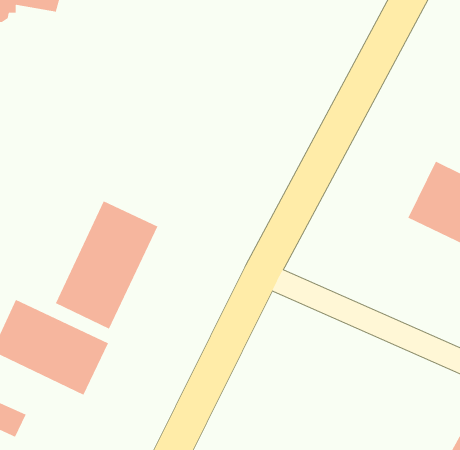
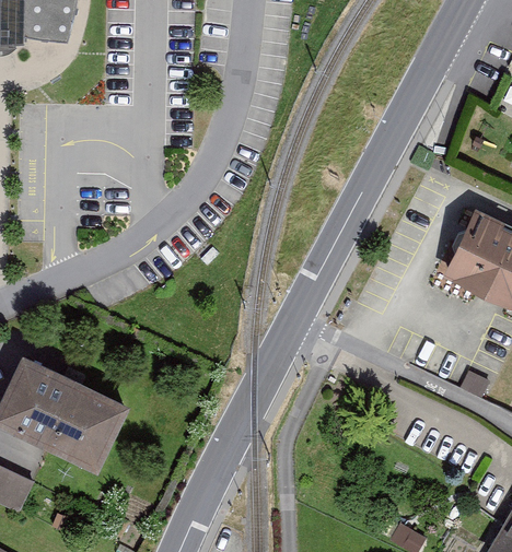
building: [55,201,158,330] -> none

